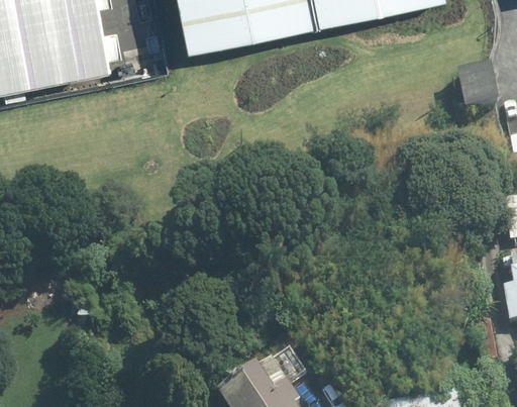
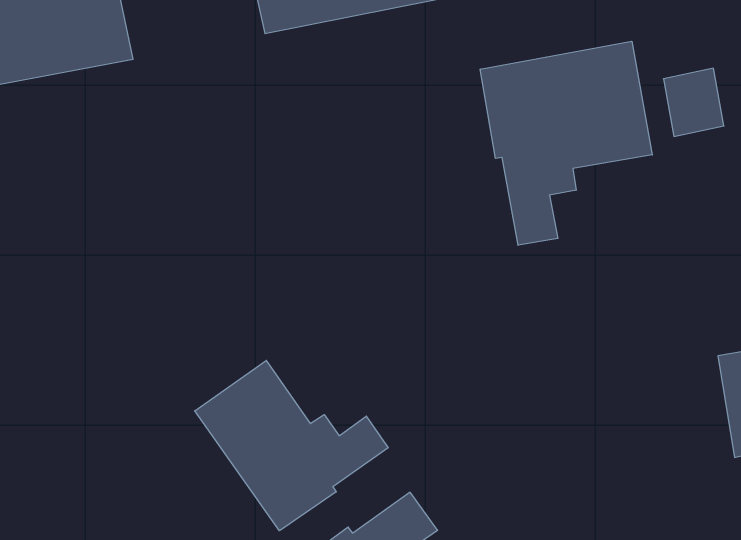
building: none -> [480,41,652,245]
building: none -> [195,360,388,531]

